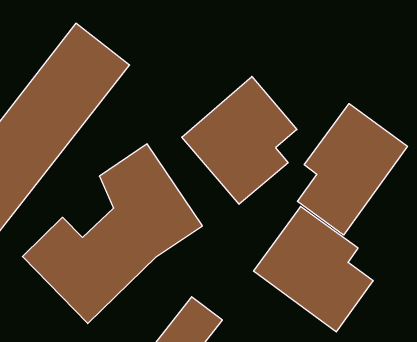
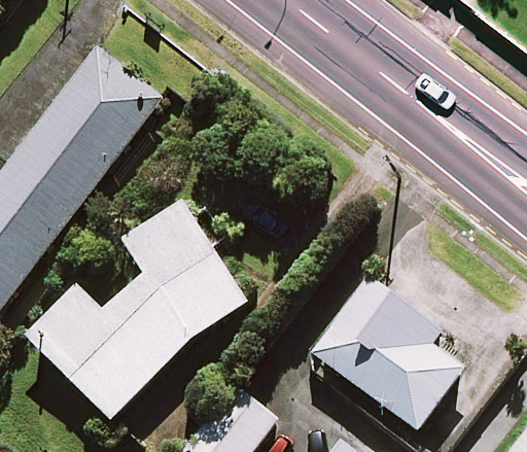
building: [182,76,297,204] -> none
building: [297,104,407,235] -> none

